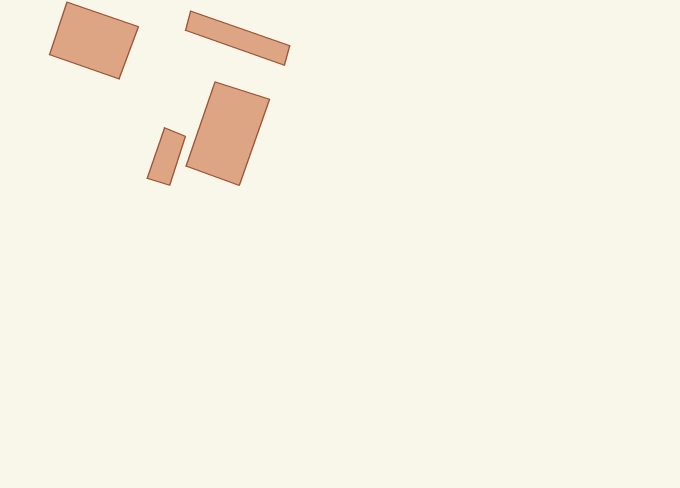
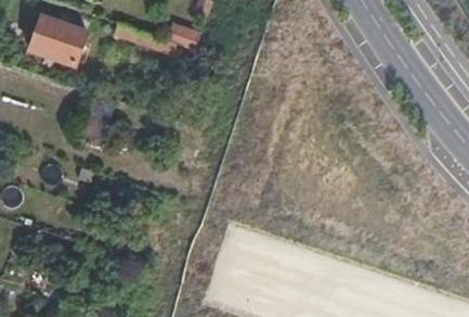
building: [186,82,269,185] -> none

